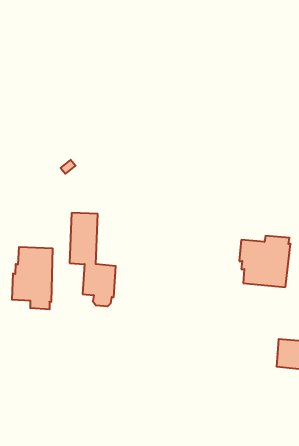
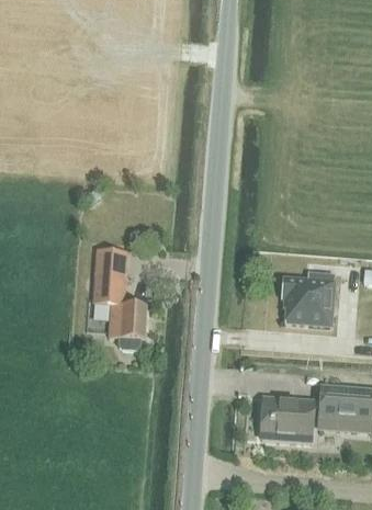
building: [12,247,52,309] -> none
building: none -> [261,397,313,441]

